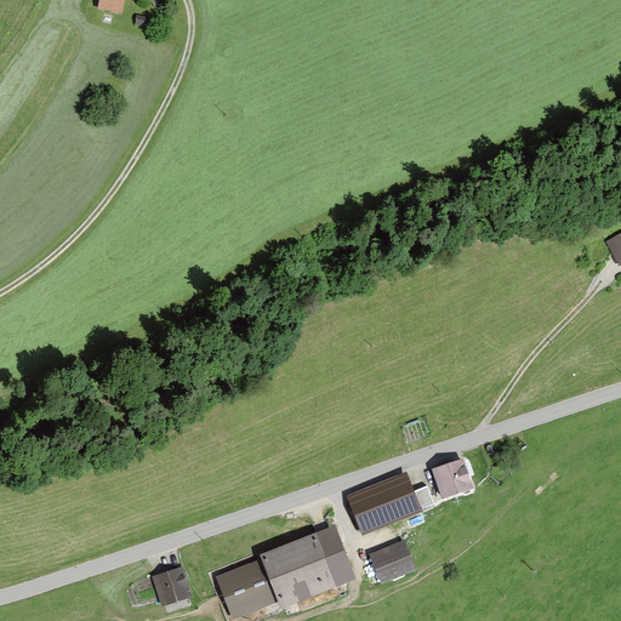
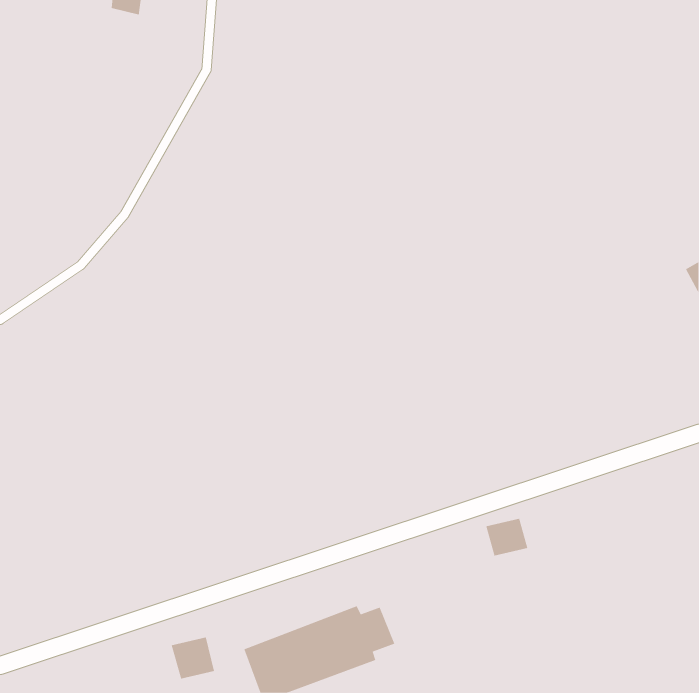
building: [347,472,421,531] -> none
building: [371,545,412,582] -> none

